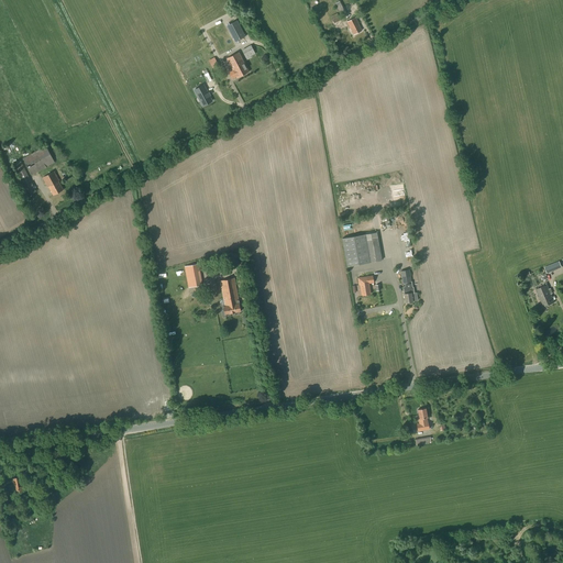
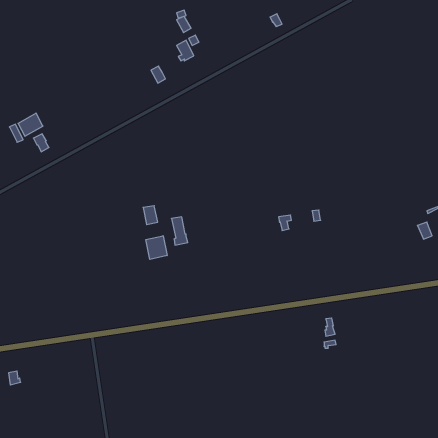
building: [342,232,382,266] -> none
building: none -> [146,236,167,259]

